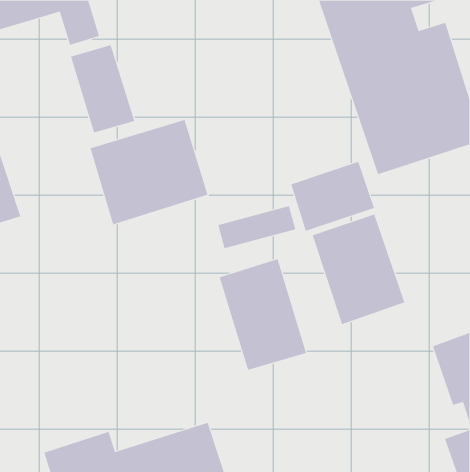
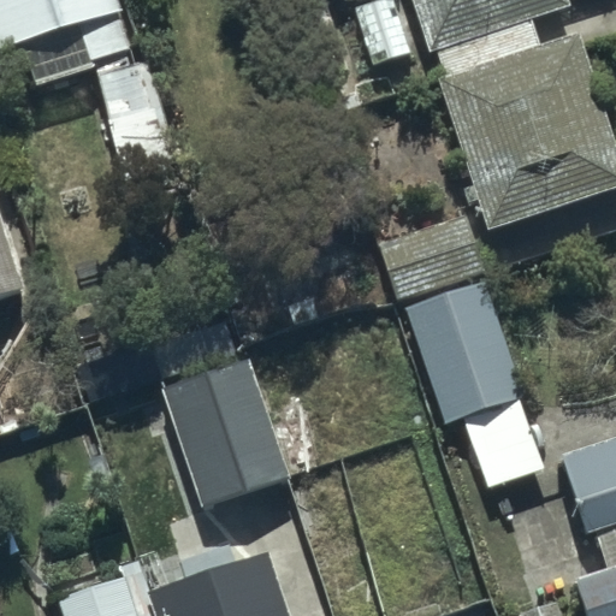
building: [90,119,208,225] -> none
building: [219,259,307,371] -> [167,360,282,505]

